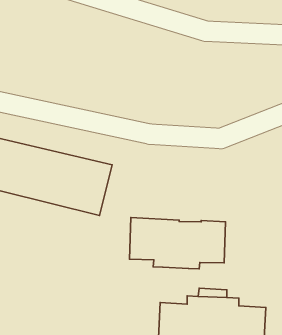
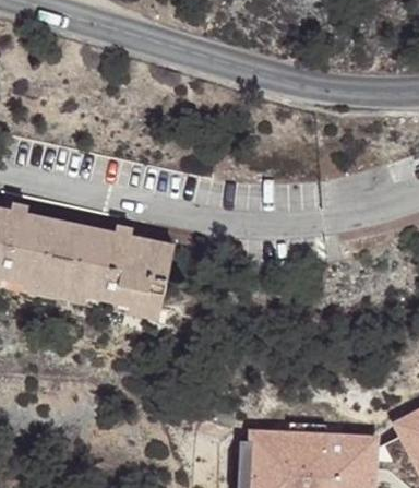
building: [130,218,225,269] -> none

